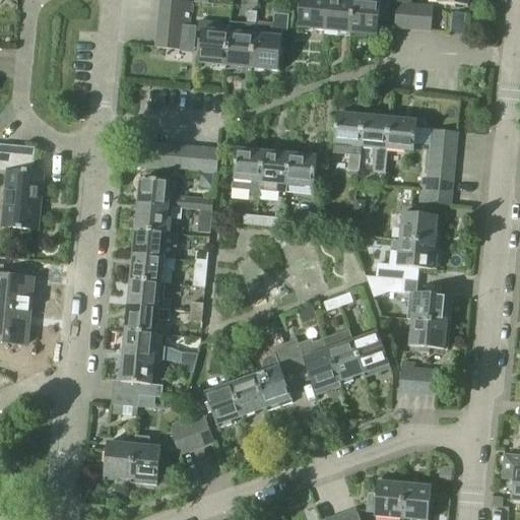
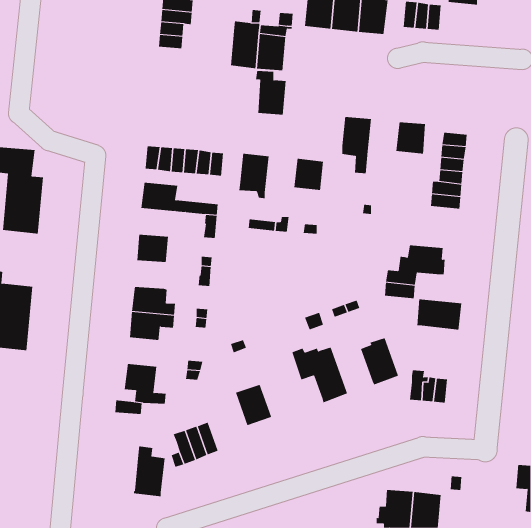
building: [197,20,228,64] -> [255,71,287,115]
building: [360,116,389,174] -> none
building: [259,152,289,191] -> none
building: [135,203,181,231] -> none
building: [399,212,436,242] -> none
building: [131,254,175,281] -> none
building: [406,318,448,351] -> none
building: [124,329,165,359] -> none
building: [323,329,363,381] -> none
building: [254,343,294,410] -> none
building: [204,383,241,428] -> none
building: [105,441,134,478] -> none

